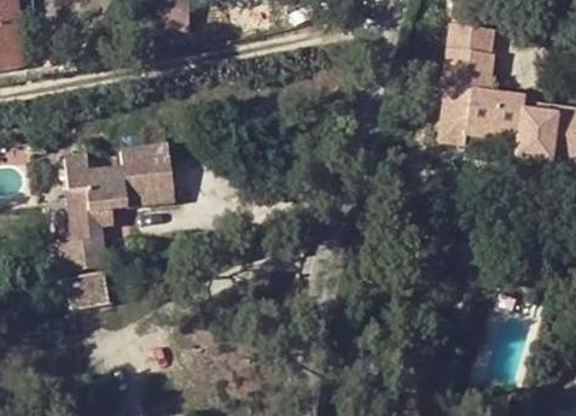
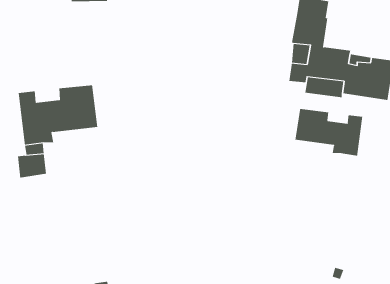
building: none -> [295,108,363,156]
building: [66,269,110,305] -> none

